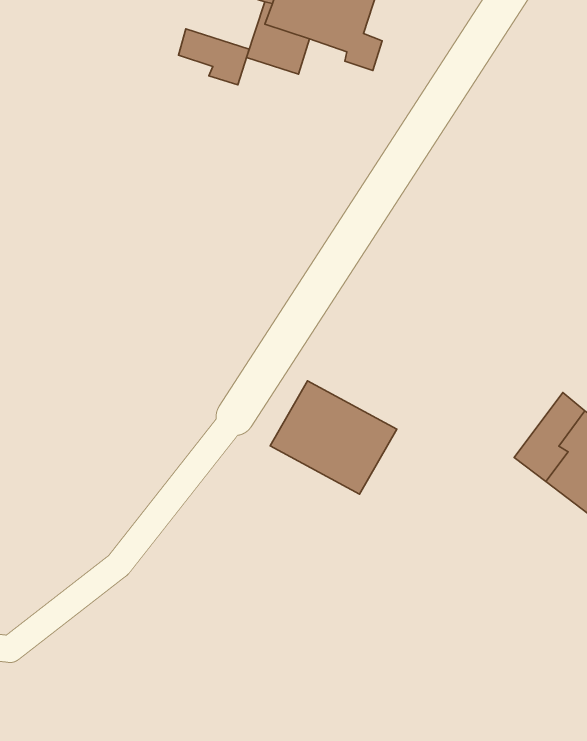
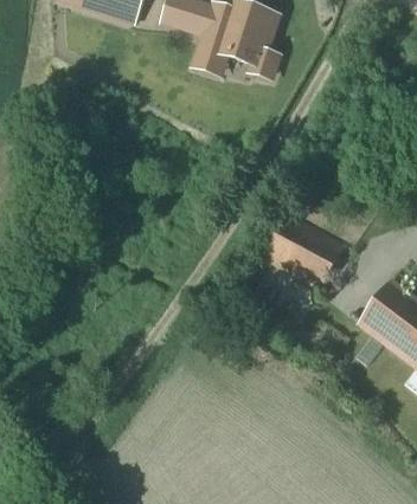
building: [179,29,249,85] -> none
building: [270,381,397,494] -> [265,213,346,285]

